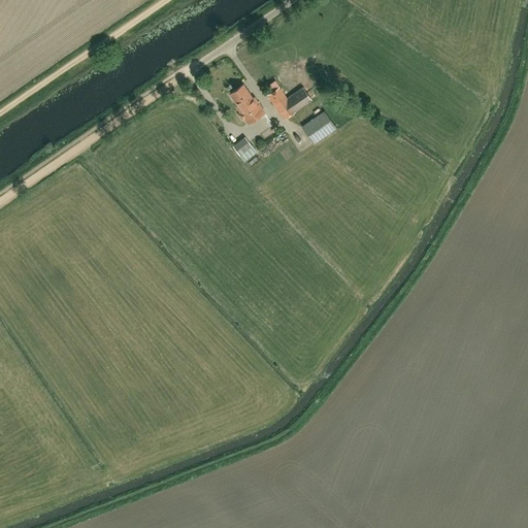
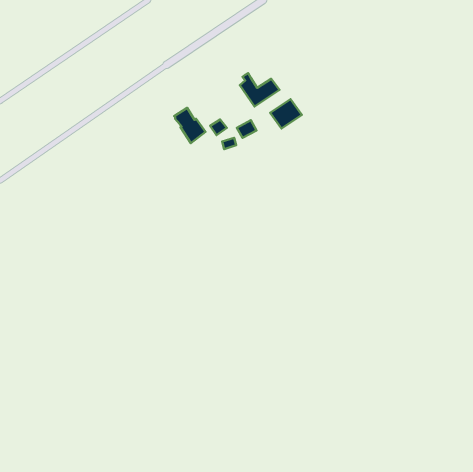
building: [229,86,264,125] -> [174,108,206,143]

